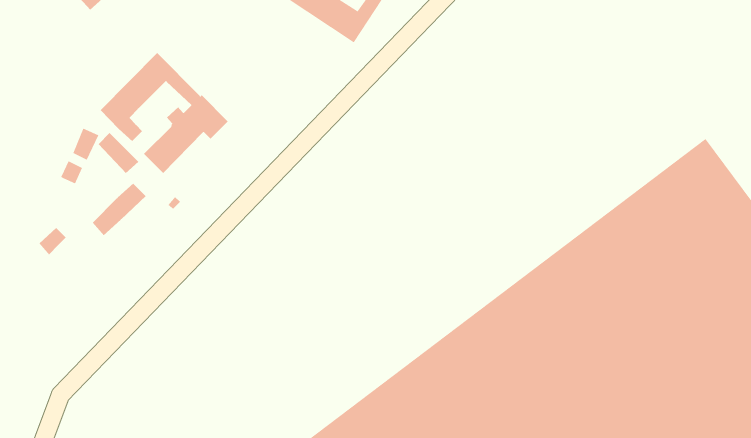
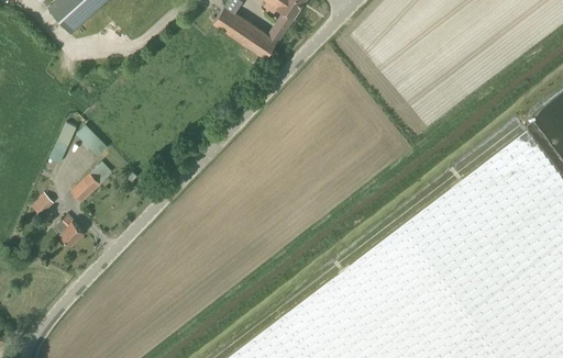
building: [100,52,228,174] -> none
building: none -> [54,217,84,247]

